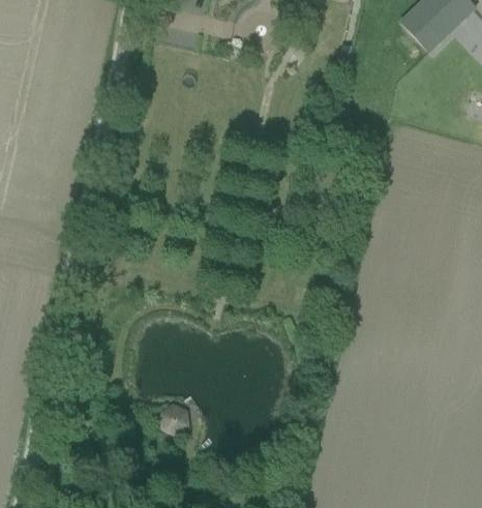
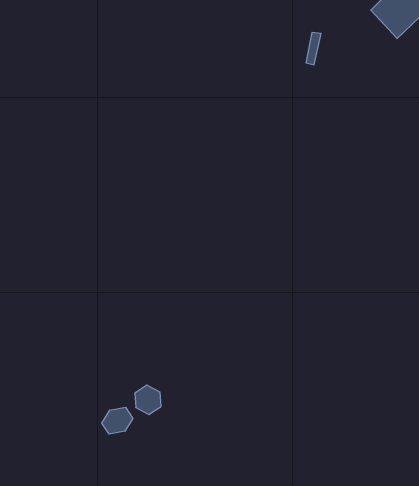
building: none -> [102,407,133,434]

